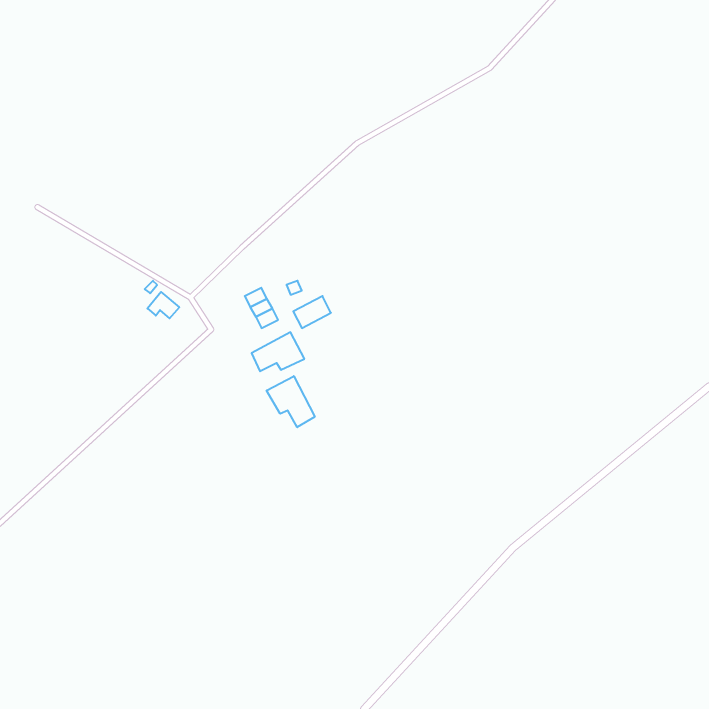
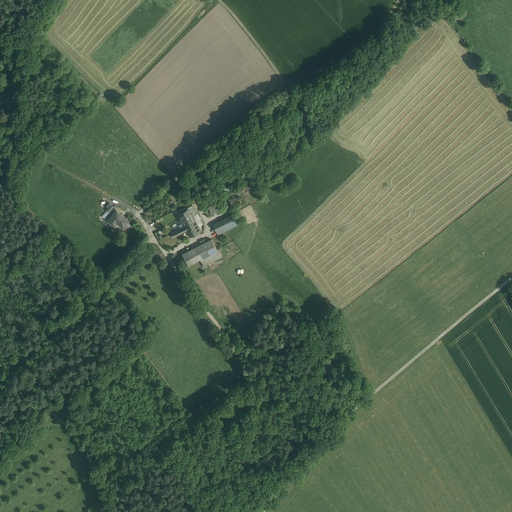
building: [267,376,315,427] -> none

